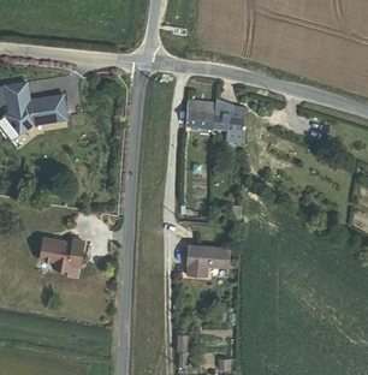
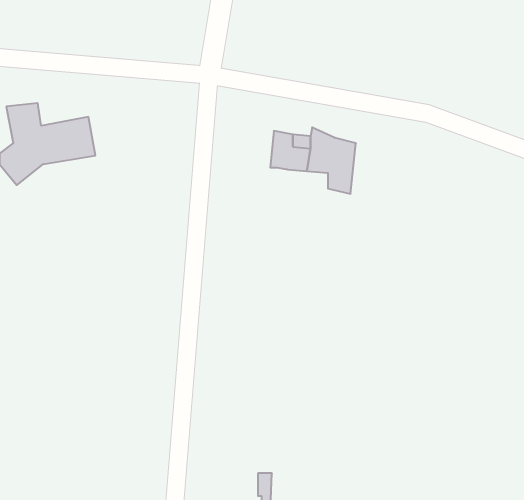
building: [40,236,83,268] -> none
building: [186,245,230,278] -> none

